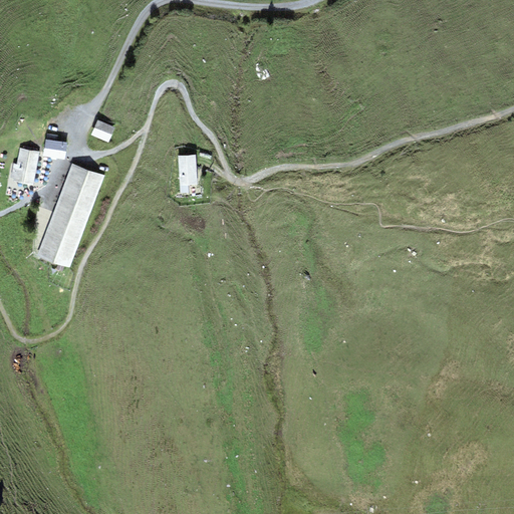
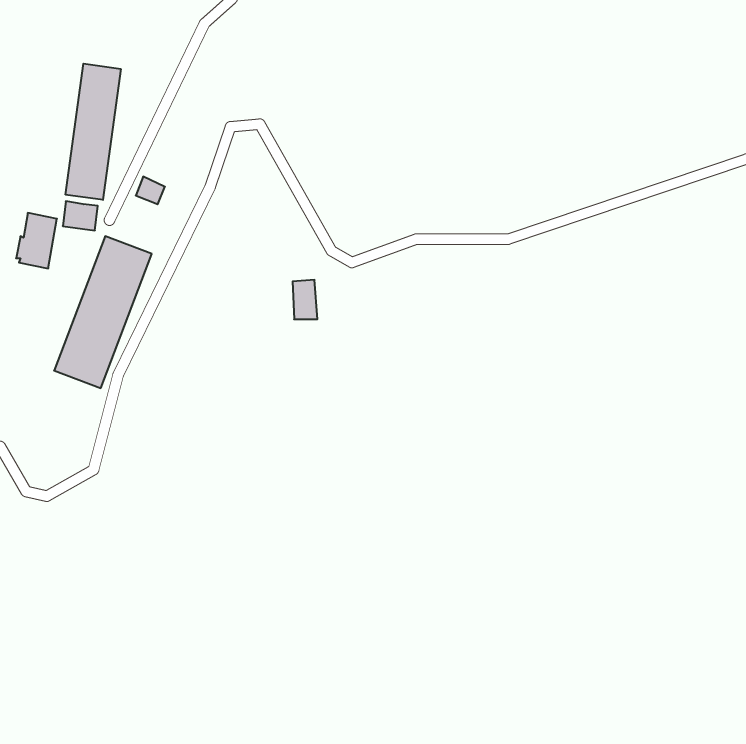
building: none -> [66,64,121,200]
building: [180,155,197,182] -> [293,280,317,319]

